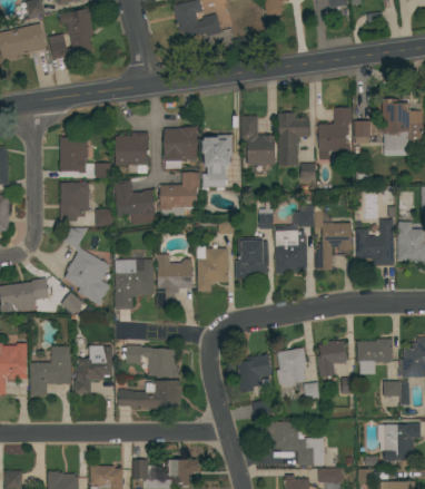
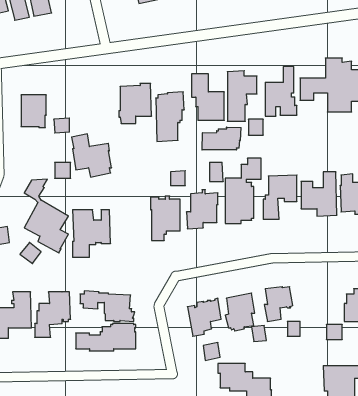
building: [116,133,148,173] -> none
building: [159,172,199,217] -> none
building: none -> [202,127,241,150]
building: [60,183,89,222] -> none
building: [157,254,192,307] -> none
building: [357,339,393,375] -> none

